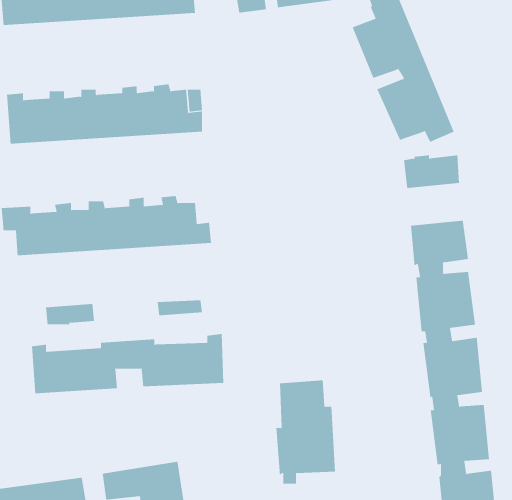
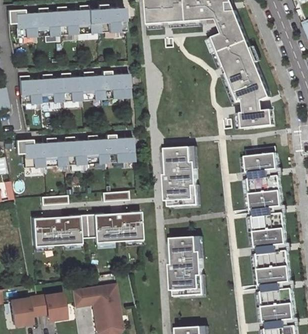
building: none -> [165,147,198,206]

